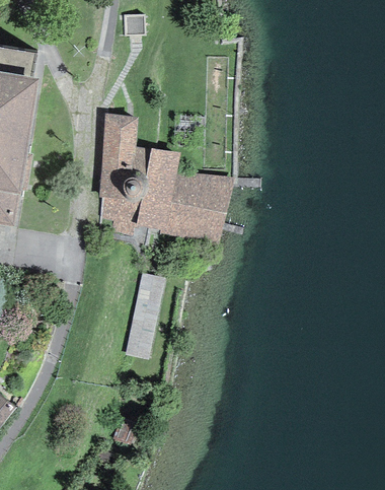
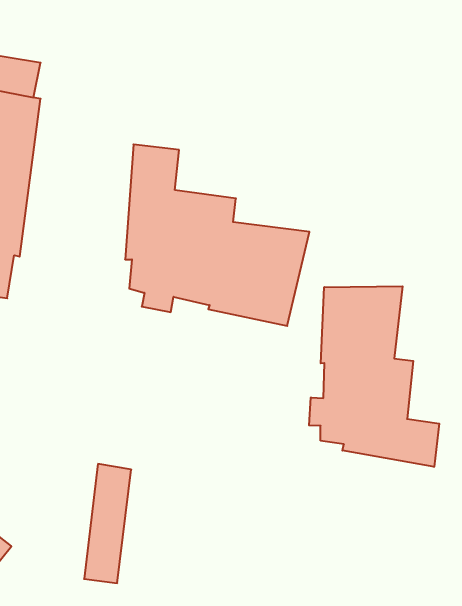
building: none -> [309,286,439,467]
building: [130,267,164,354] -> [84,464,131,583]

